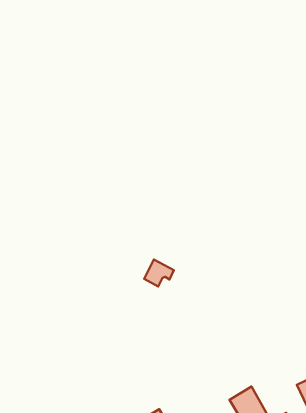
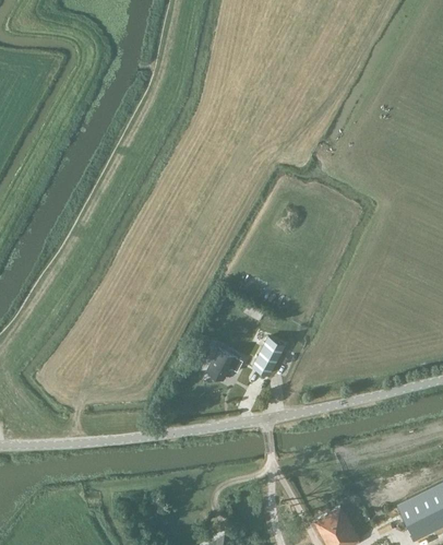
building: none -> [252,339,285,377]

